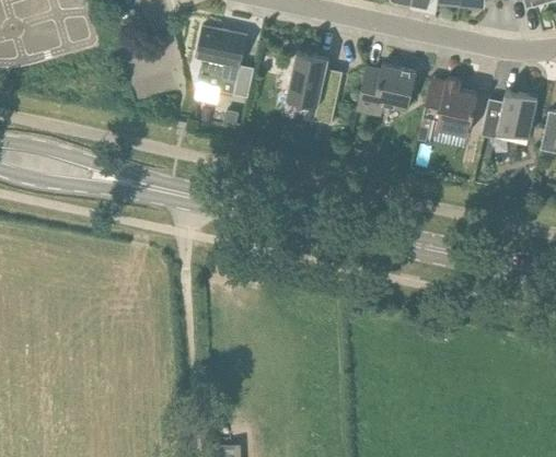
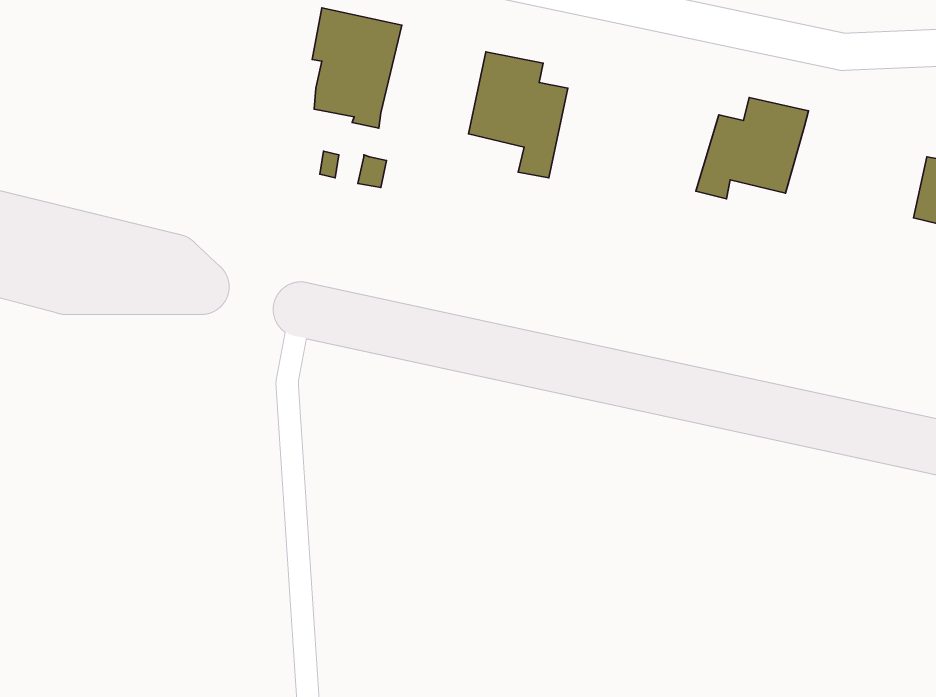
building: [356,65,416,114] -> none
building: [480,94,537,137] -> none

